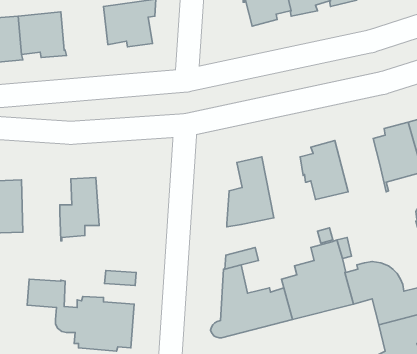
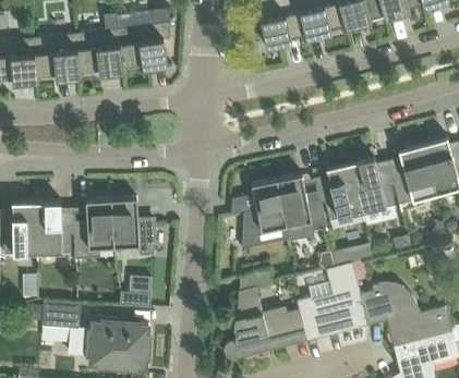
building: none -> [76,28,124,75]
building: none -> [350,157,395,214]
building: none -> [277,174,328,240]
building: none -> [111,197,156,256]
building: none -> [37,202,76,254]

